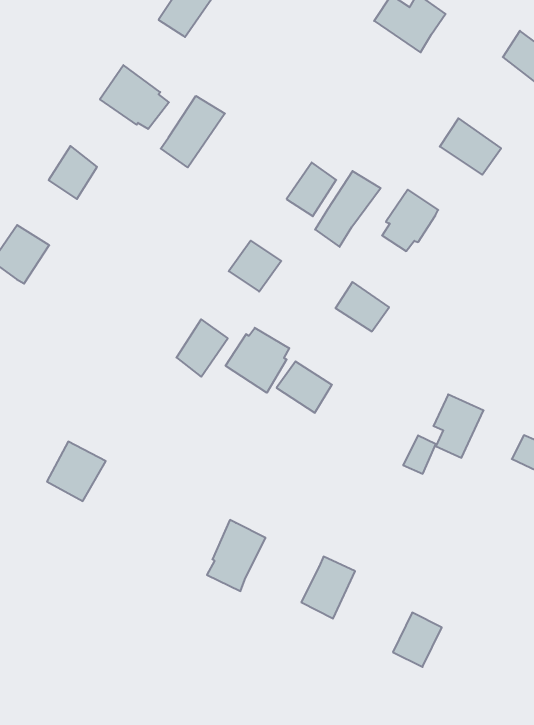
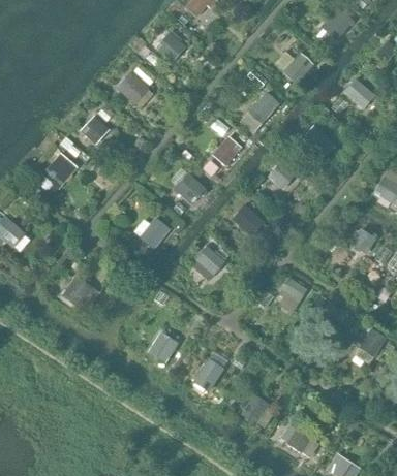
building: [161,96,225,167] -> none
building: [315,171,381,247] -> [241,91,280,132]
building: [226,328,289,393] -> none
building: none -> [280,421,313,452]

